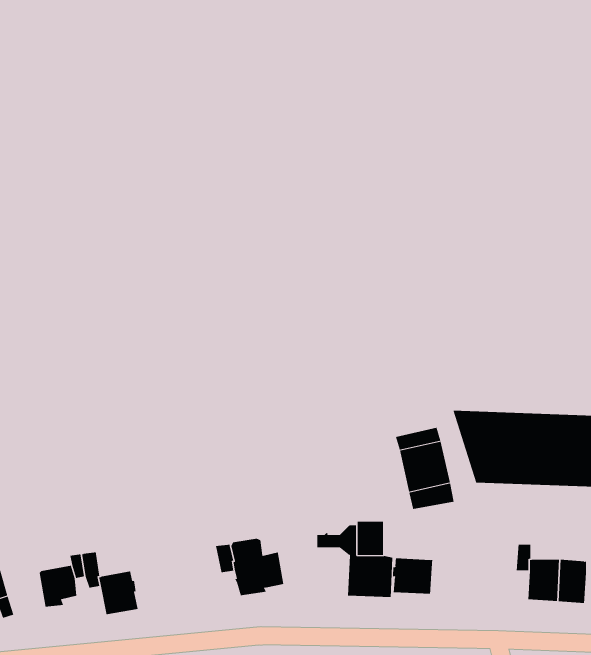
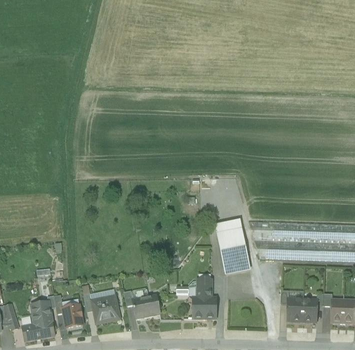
building: none -> [90,297,121,324]
building: [393,558,433,594] -> none
building: none -> [21,318,55,341]

